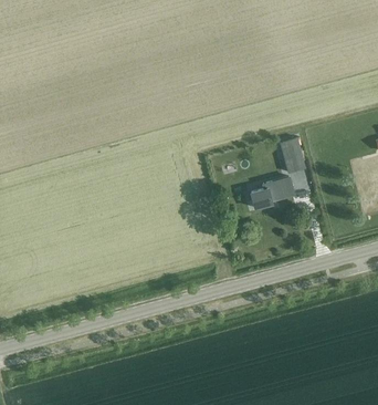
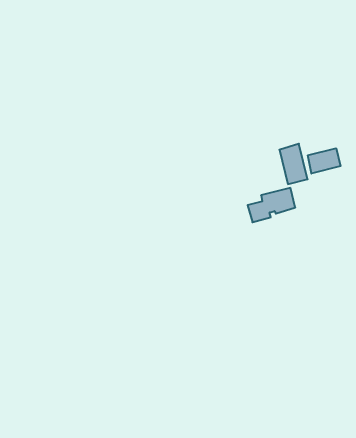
building: none -> [308,148,341,174]

